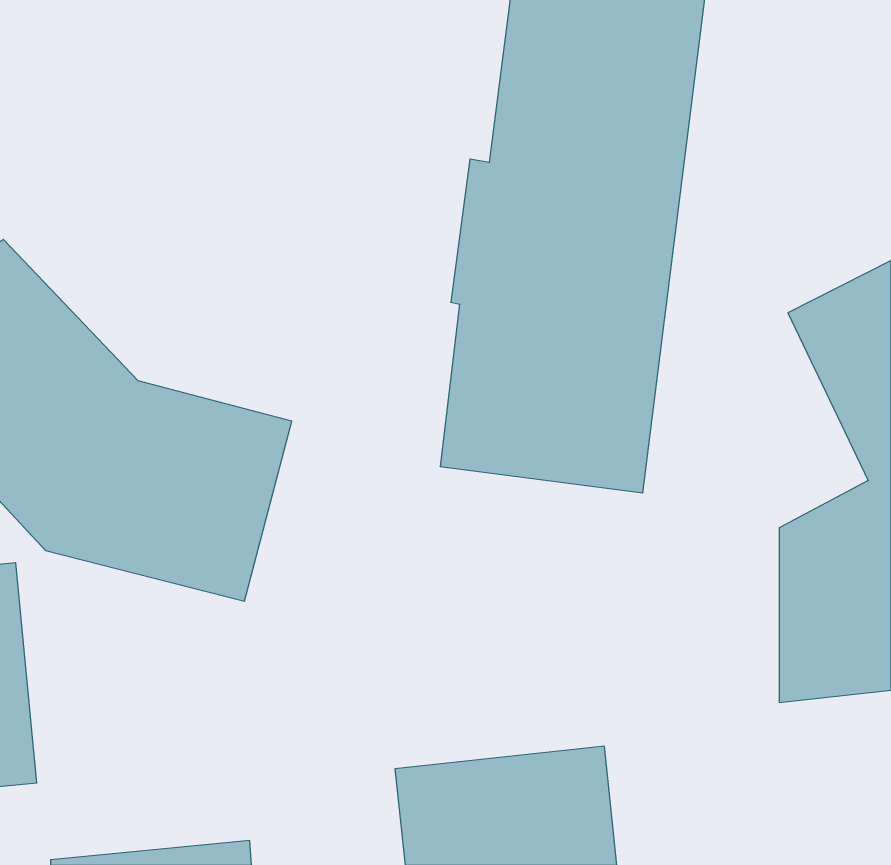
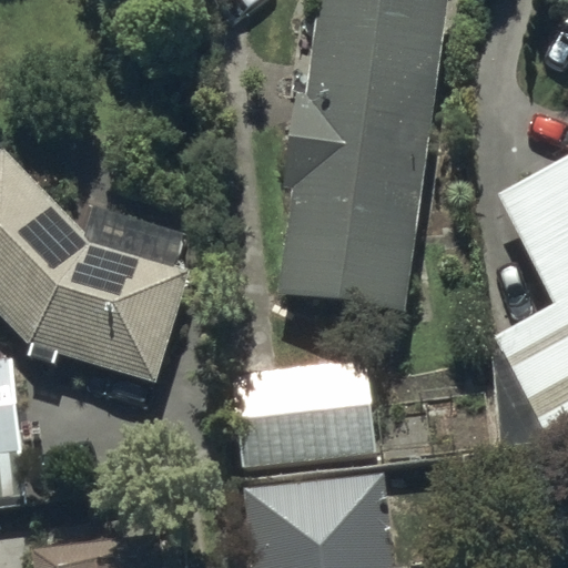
building: none -> [233,358,373,464]

